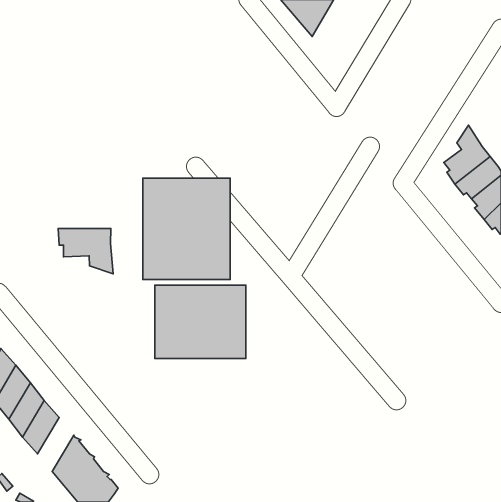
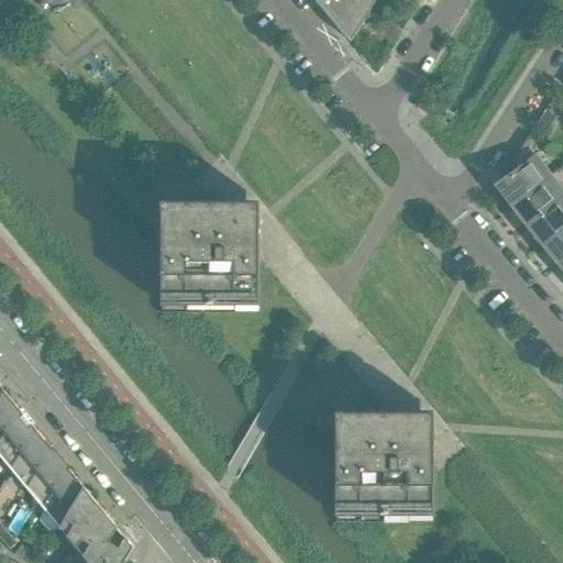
building: [58,228,113,274] -> none
building: [155,285,246,358] -> none
building: none -> [333,409,431,521]
building: none -> [42,466,82,527]

